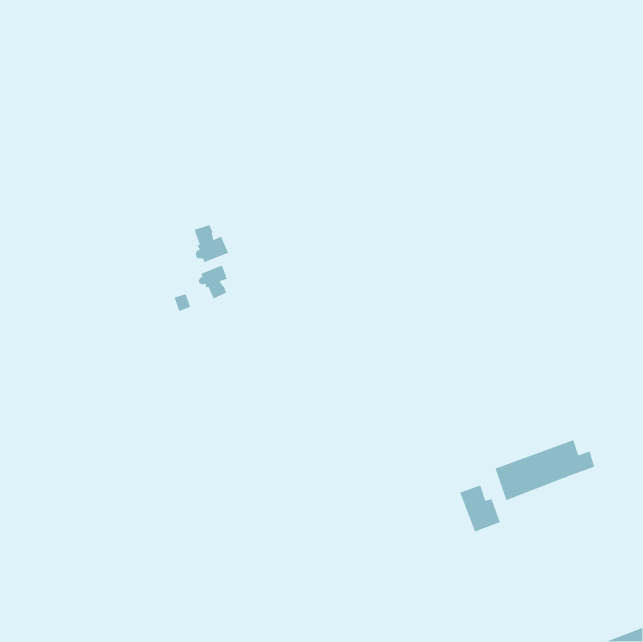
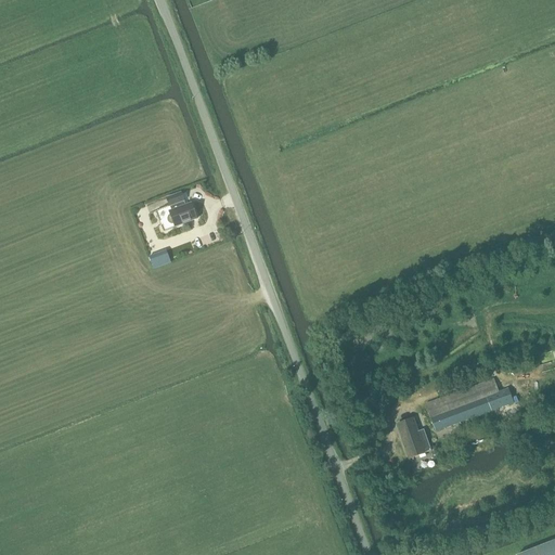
building: [198,264,228,299] -> none

